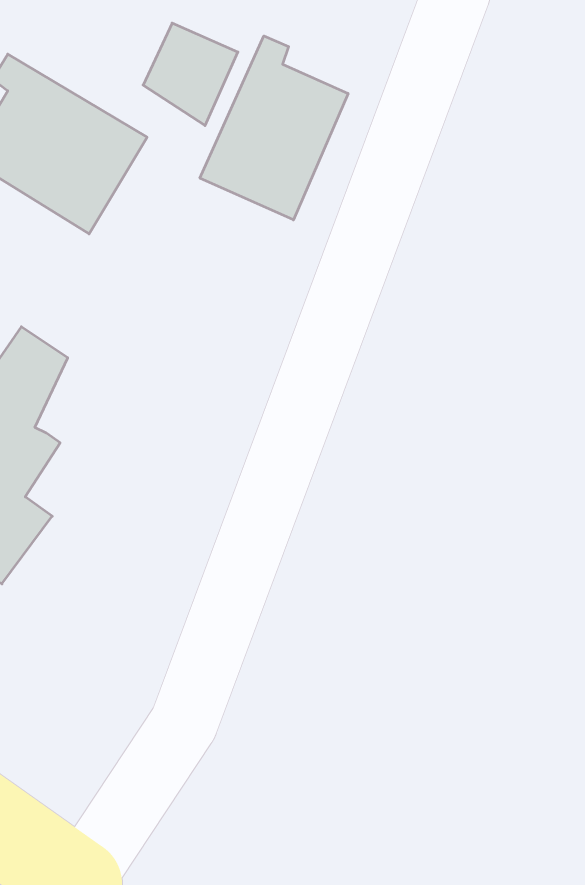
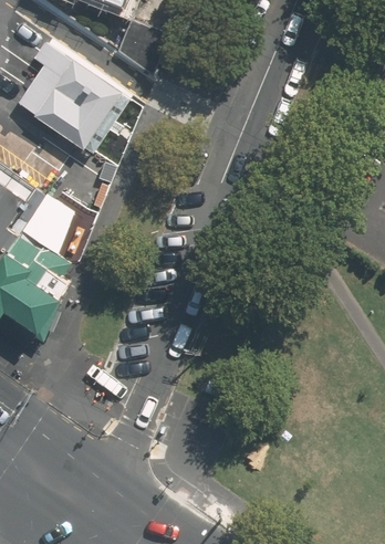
building: [200,36,348,220] -> none

